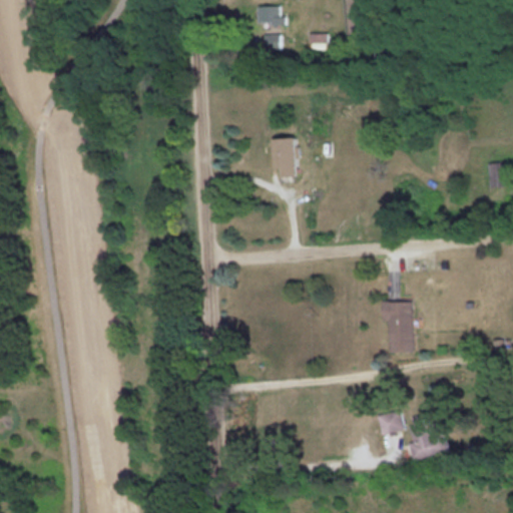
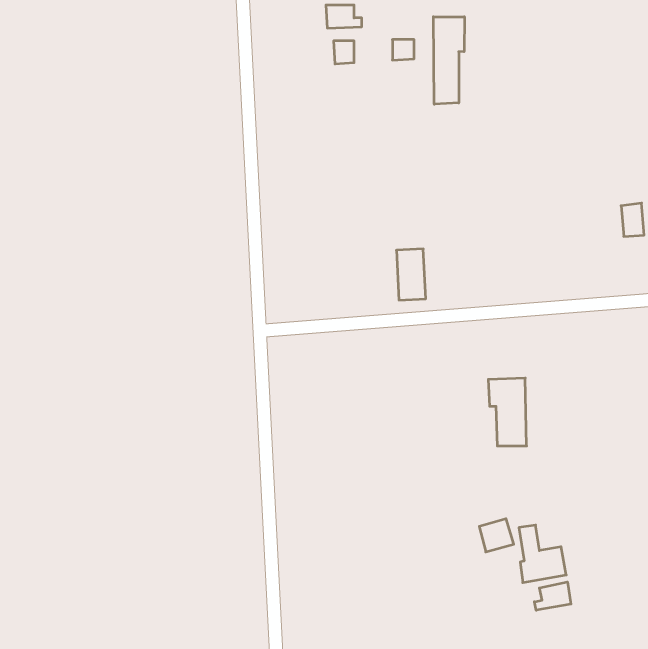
building: none -> [433,17,464,104]
building: [274,138,297,178] -> [396,249,426,300]
building: none -> [534,582,571,610]

